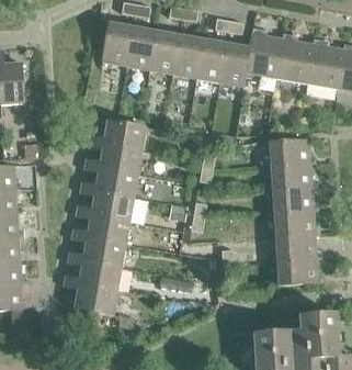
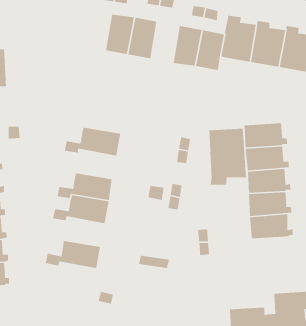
building: [102,22,133,65] -> none
building: [173,34,203,78] -> none
building: [88,120,147,150] -> none
building: none -> [209,128,247,186]
building: [80,167,138,198] -> none
building: [68,237,126,268] -> none
building: [277,258,323,284] -> none
building: [75,284,117,315] -> none

